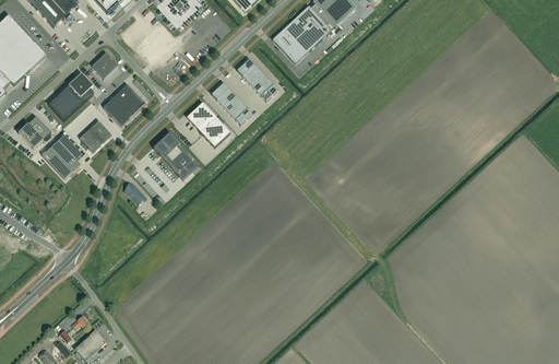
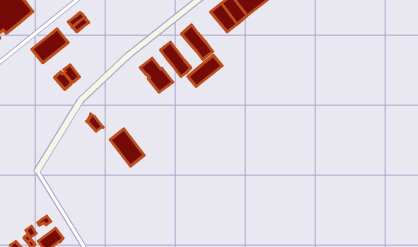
building: [103,82,145,125] -> none
building: none -> [188,55,222,86]
building: [20,116,50,144] -> none
building: [154,131,199,178] -> [110,129,144,166]
building: [41,133,83,173] -> none

